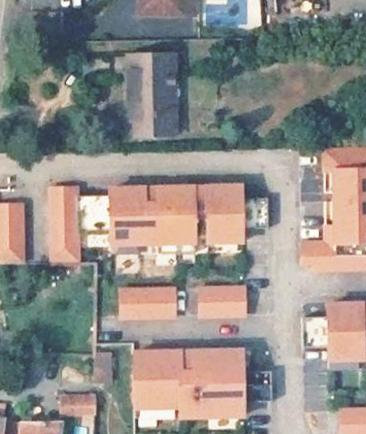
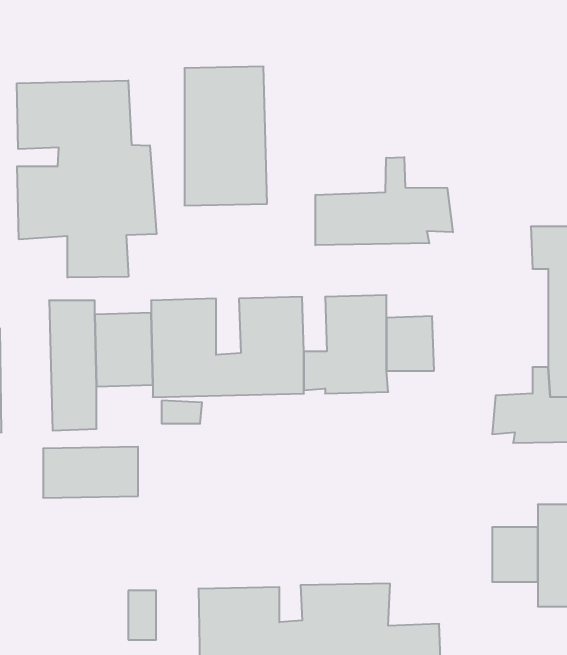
building: none -> [17,80,157,278]
building: none -> [315,157,453,245]
building: [201,287,241,315] -> none
building: [121,288,175,317] -> [43,447,138,498]

